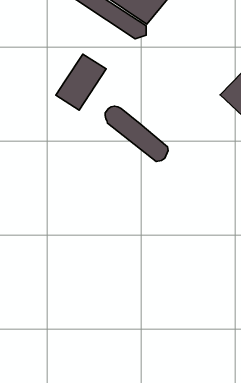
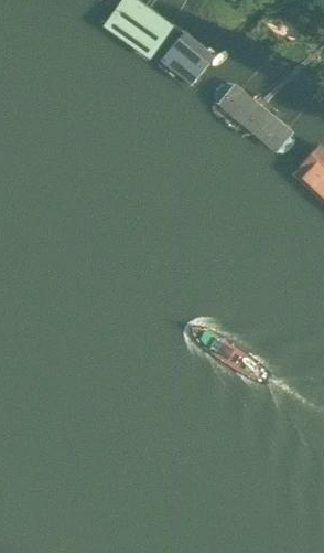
building: [56,54,106,110] -> none
building: [105,106,168,161] -> [214,81,295,152]

